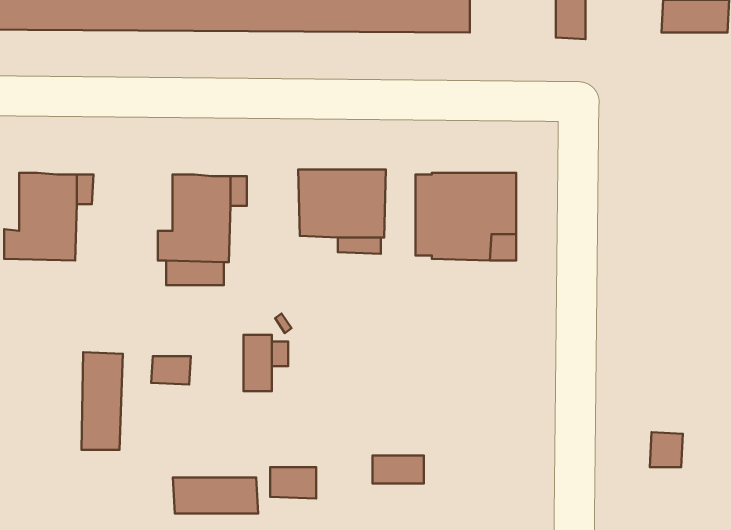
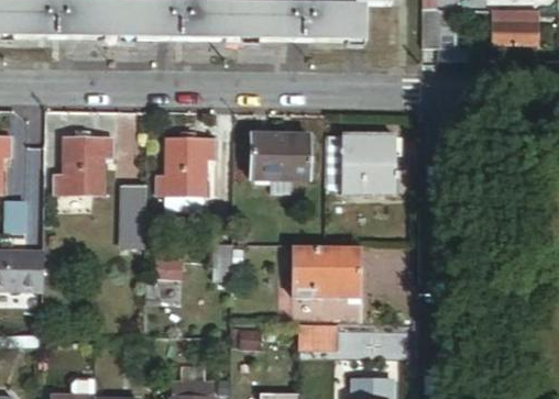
building: none -> [296,244,363,298]
building: [82,352,123,450] -> [119,181,146,246]
building: [173,477,258,514] -> none

